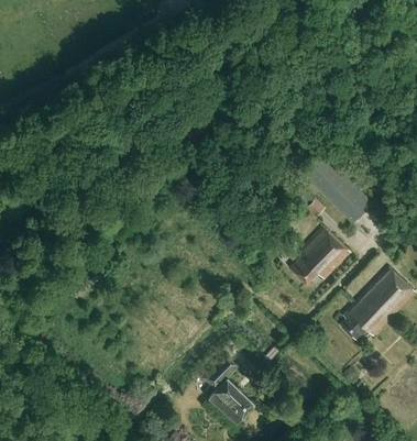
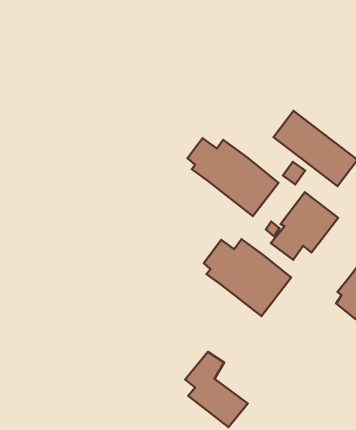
building: none -> [188,138,278,216]
building: none -> [204,239,291,316]

